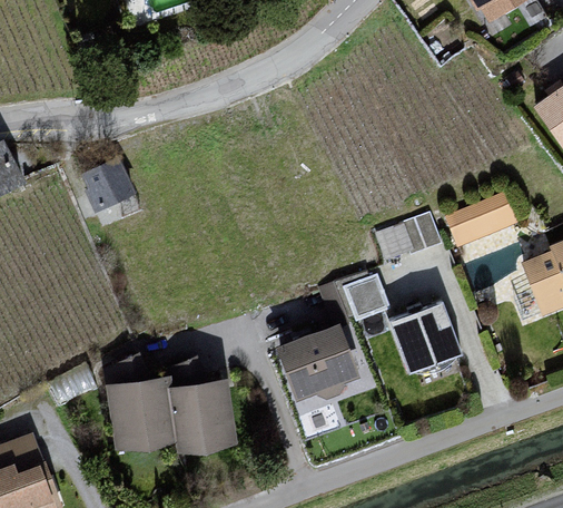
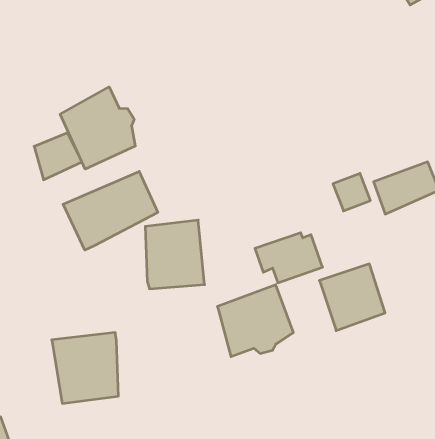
building: none -> [60,87,135,169]
building: none -> [63,171,158,250]
building: [171,379,235,452] -> [145,220,205,289]

